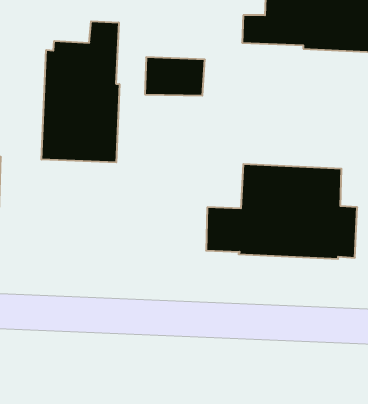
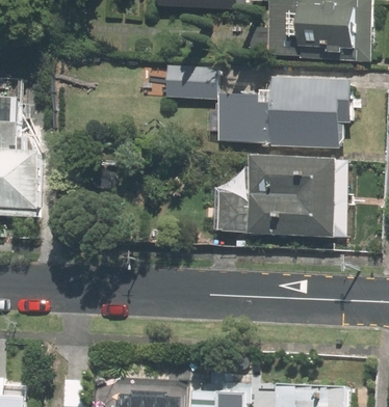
building: [41,21,119,162] -> none
building: none -> [205,78,352,148]

